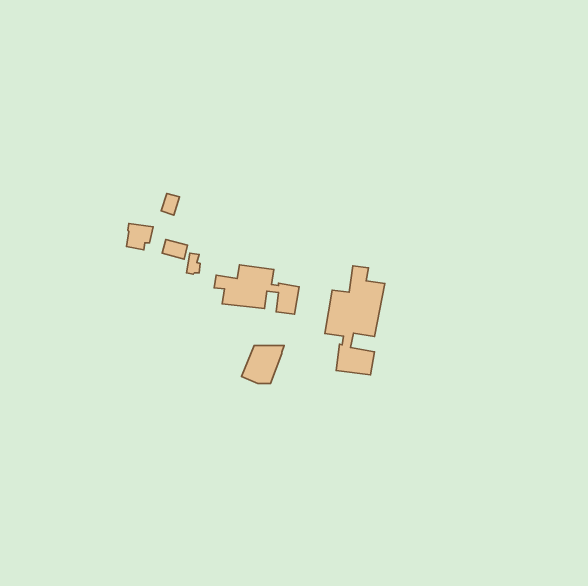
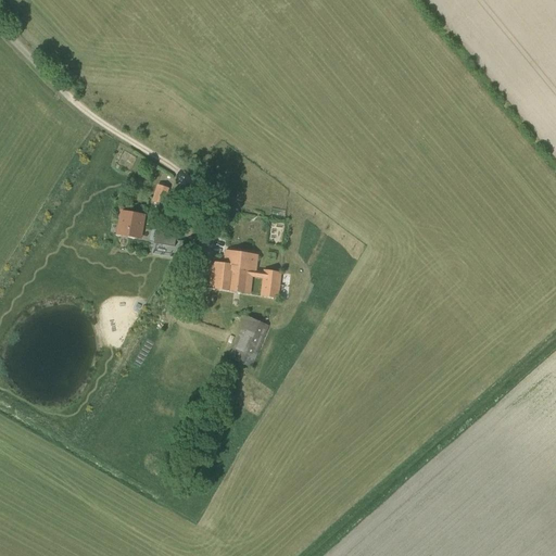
building: [325,266,385,375] -> none

